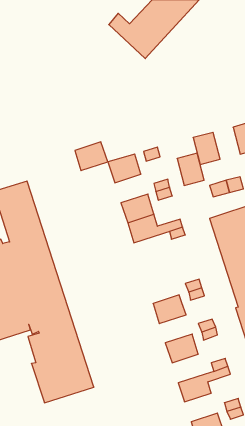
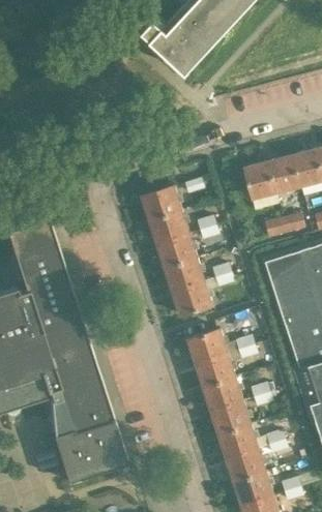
building: [75,142,108,171] -> [151,211,191,245]
building: [177,153,204,185] -> [268,155,300,193]
building: none -> [174,282,213,317]
building: none -> [188,330,228,365]
building: none -> [204,379,243,412]
building: none -> [219,425,259,459]
building: none -> [234,472,273,506]

